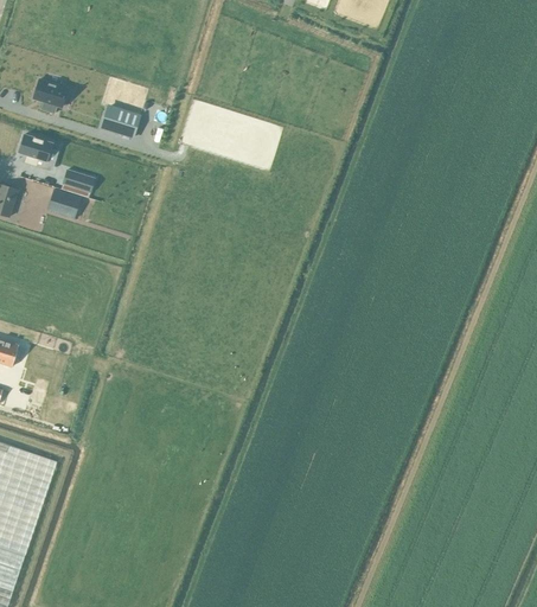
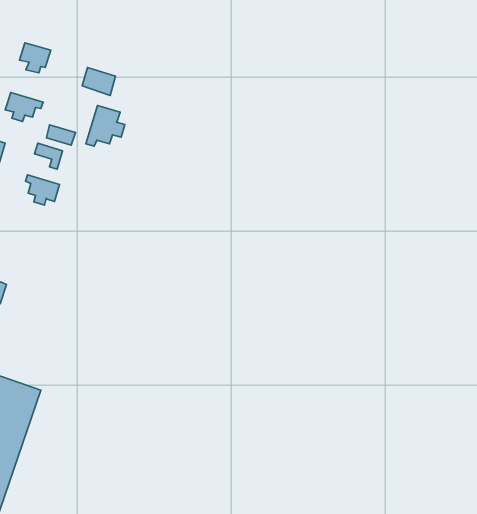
building: none -> [86,105,125,146]
building: none -> [26,175,59,205]

